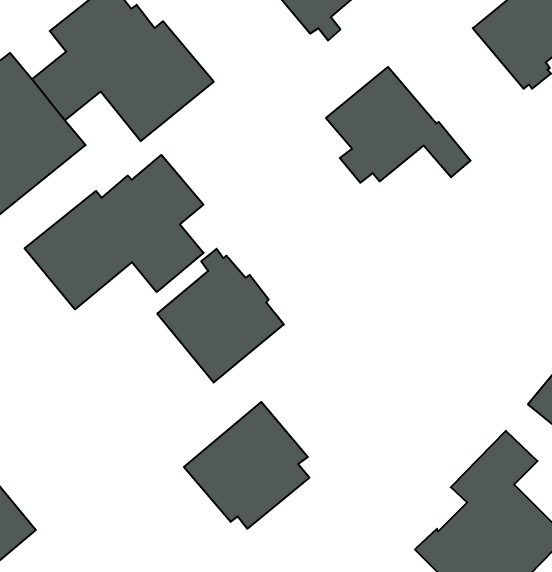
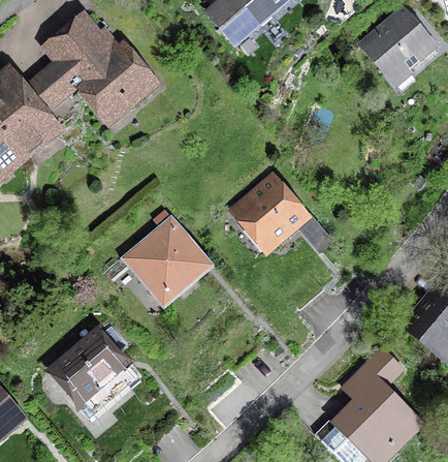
building: [326,67,471,183] -> [226,170,334,256]
building: [25,155,204,309] -> none
building: [184,402,309,529] -> [41,322,135,418]

